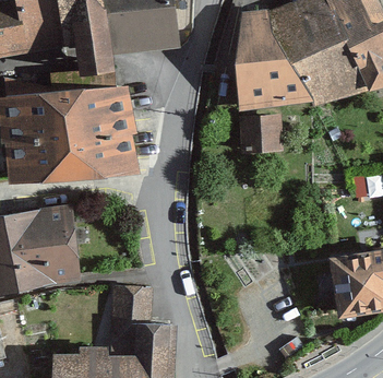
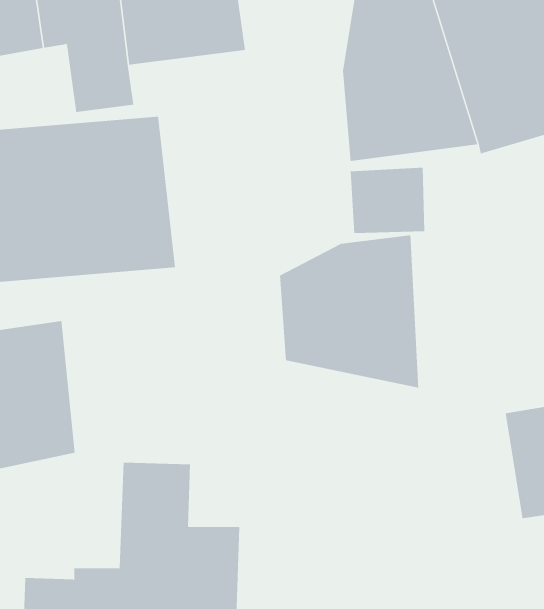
building: none -> [280,234,419,388]

